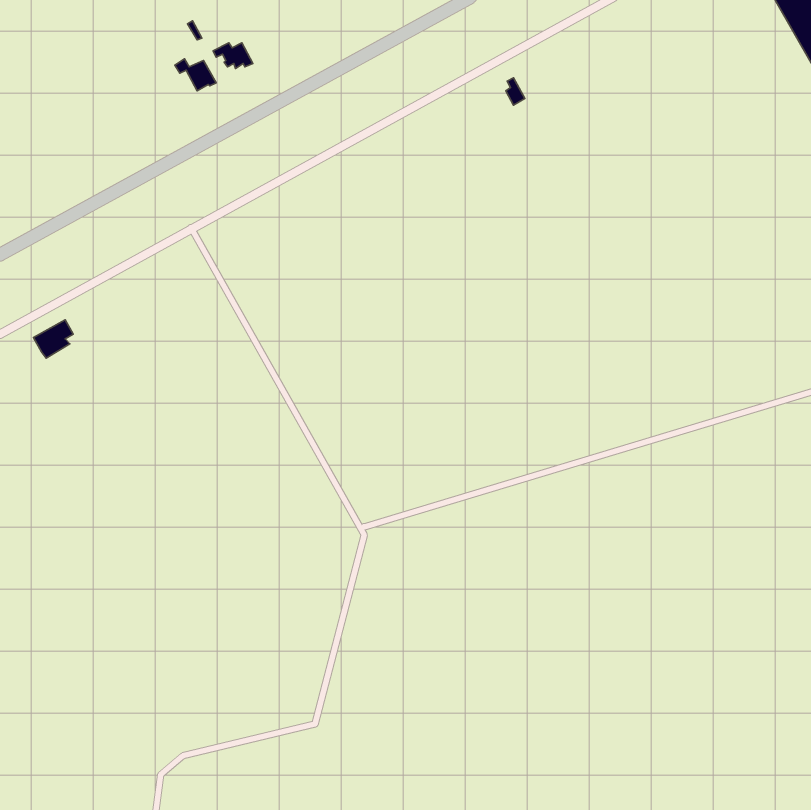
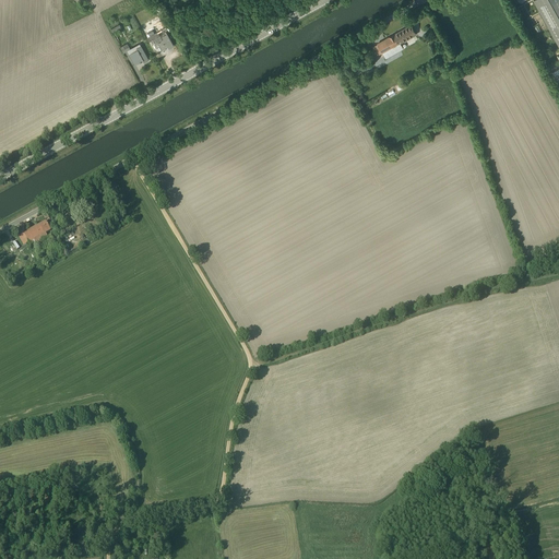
building: none -> [373,22,417,56]

